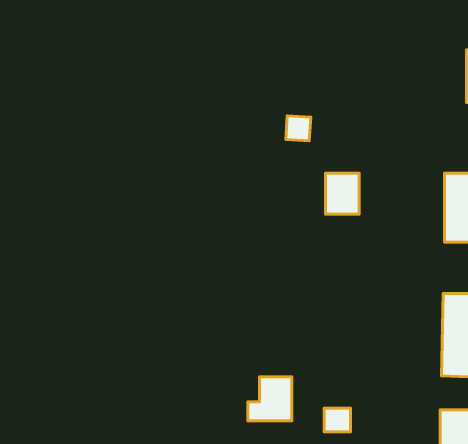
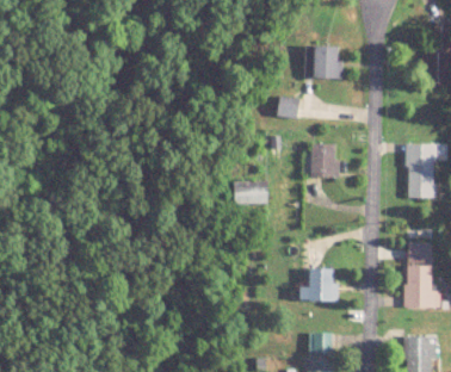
building: none -> [304,46,340,79]
building: none -> [233,181,267,203]
building: [248,377,292,421] -> [299,268,335,304]

